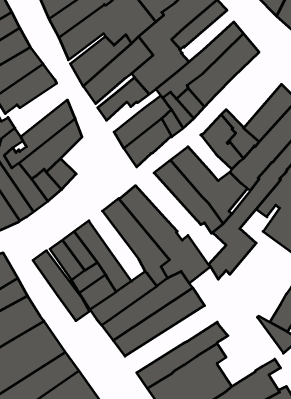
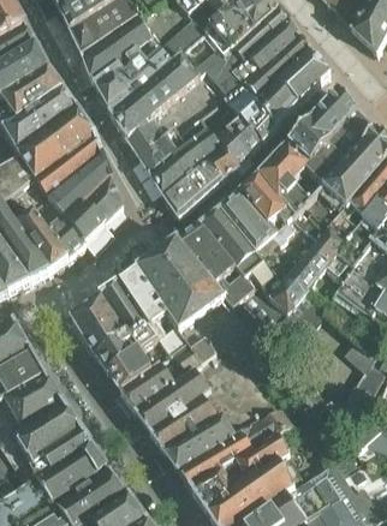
building: none -> [231,19,298,83]
building: none -> [288,90,357,165]
building: none -> [16,109,93,175]
building: none -> [141,116,208,169]
building: none -> [242,173,296,229]
building: none -> [84,175,123,221]
building: none -> [177,220,288,333]
building: [33,251,89,321] -> [119,267,189,353]
building: none -> [163,383,278,466]

